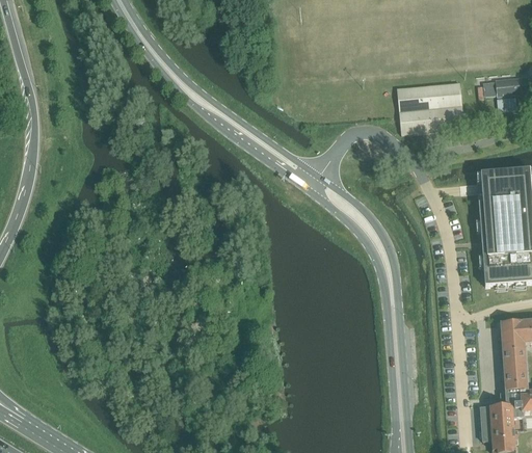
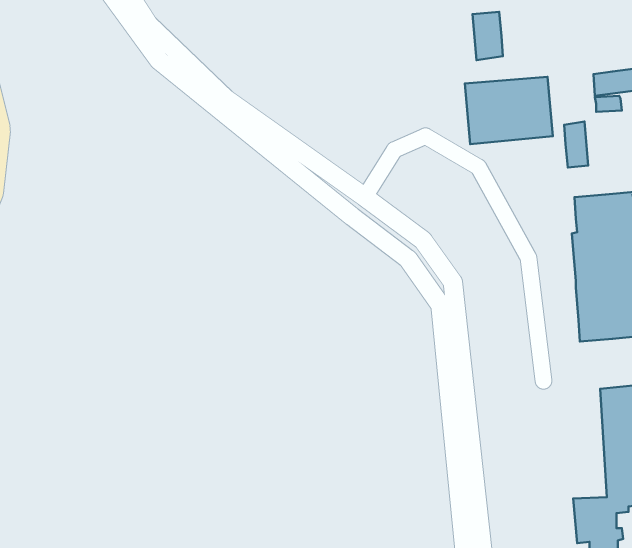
building: none -> [473,12,503,60]
building: none -> [564,122,588,167]

